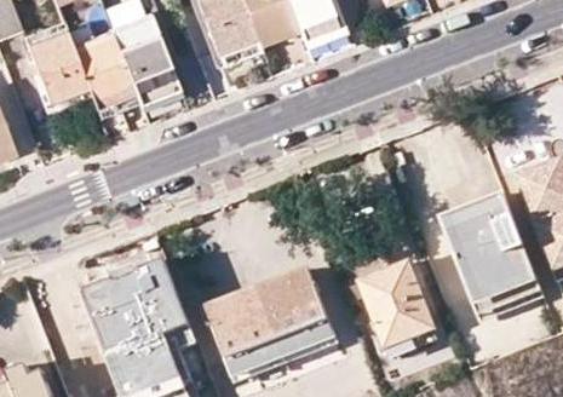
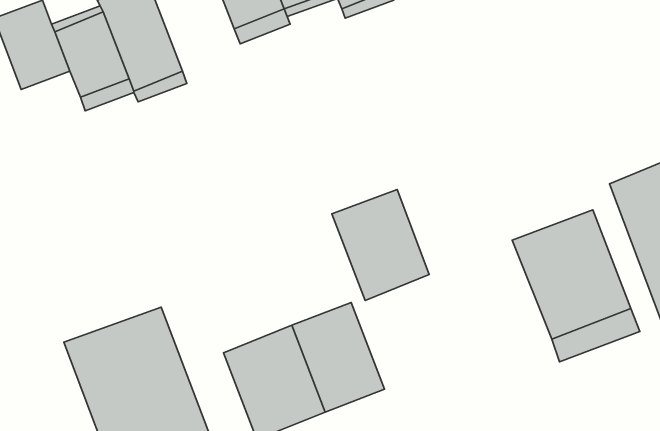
building: [364,264,442,352] -> [332,189,429,301]

